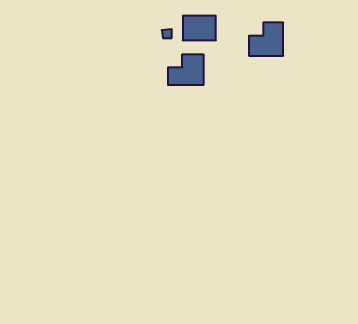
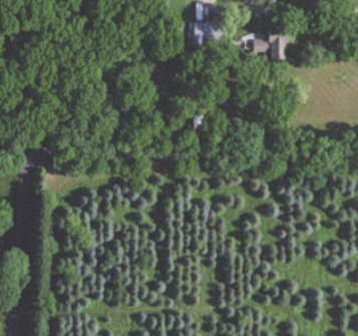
building: [168,54,203,85] -> none

